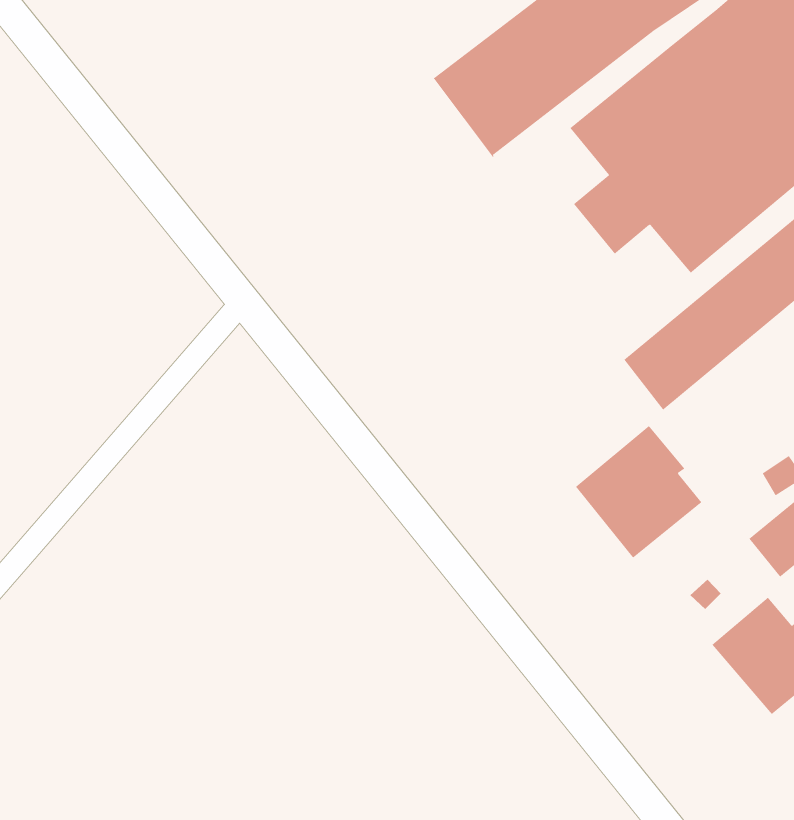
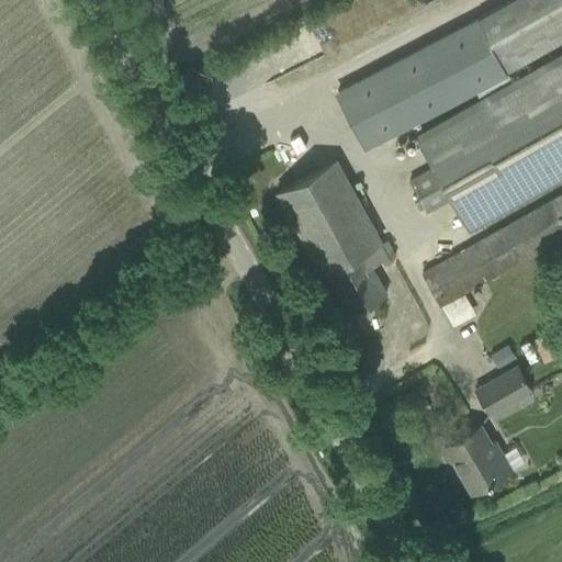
building: none -> [279,162,387,341]
building: [575,425,702,559] -> none

